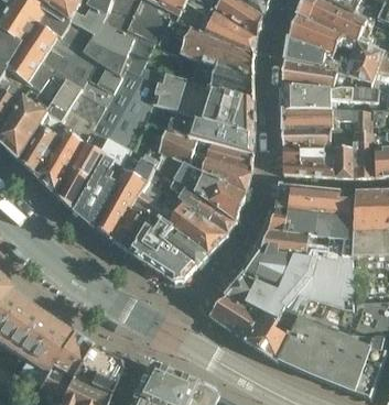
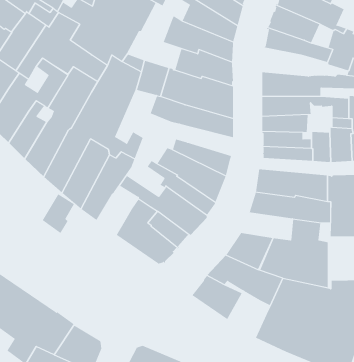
building: [282,58,350,88] -> none
building: [159,127,253,171] -> none
building: [111,210,145,252] -> [42,193,75,234]
building: [260,229,314,258] -> none
building: [247,310,287,359] -> none

